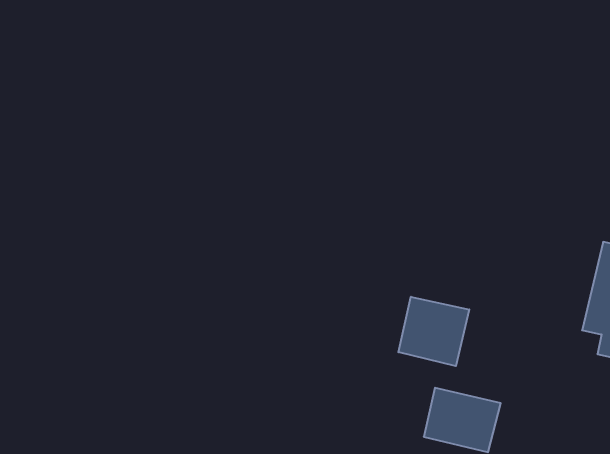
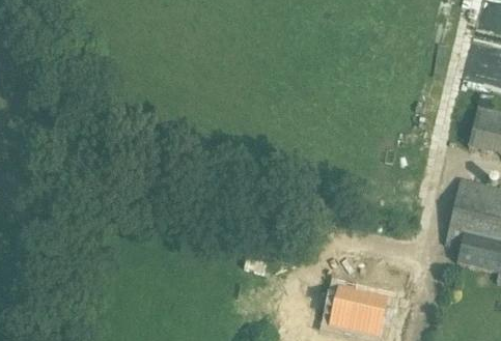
building: [398,297,469,366] -> none

